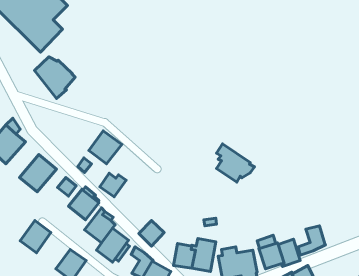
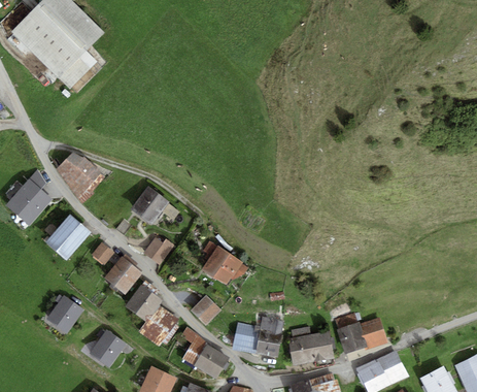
building: [34,57,75,98] -> [55,152,104,202]
building: [216,144,255,182] -> [201,238,247,285]
building: [298,226,325,255] -> none

